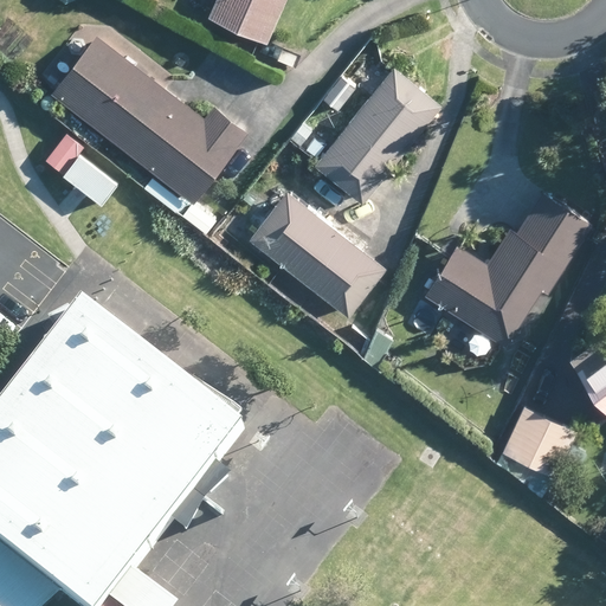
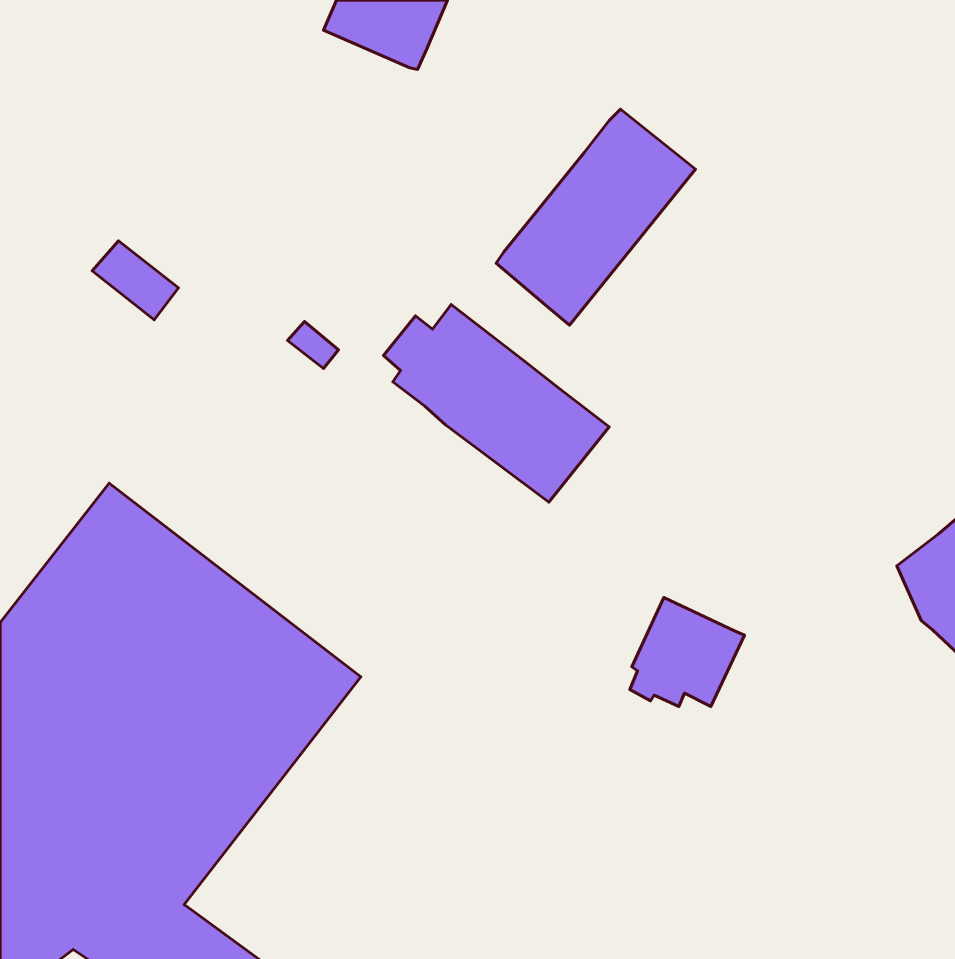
building: [53,37,247,202] -> none
building: [427,189,591,344] -> none
building: [502,405,574,473] -> [630,597,745,706]

